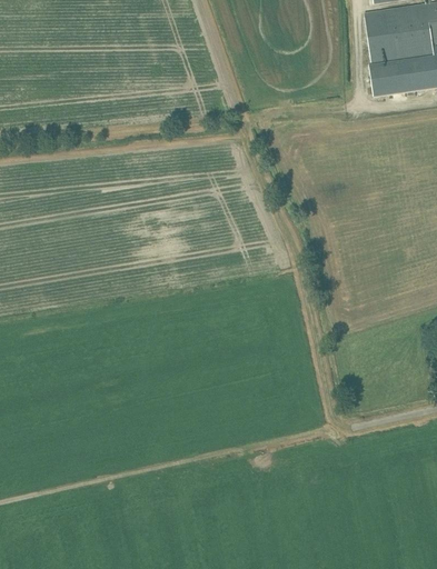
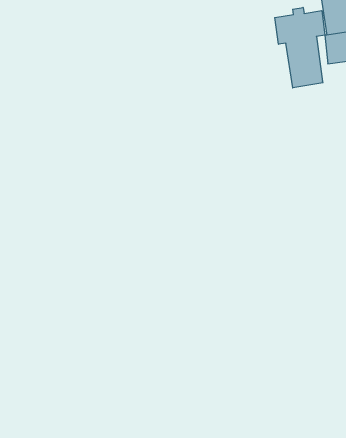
building: none -> [275,7,325,88]

